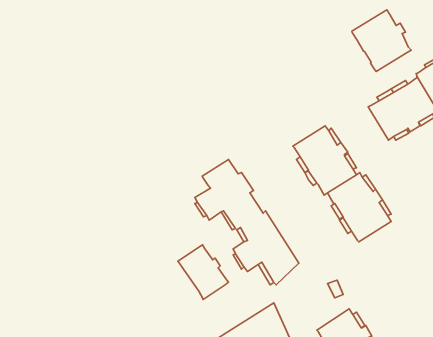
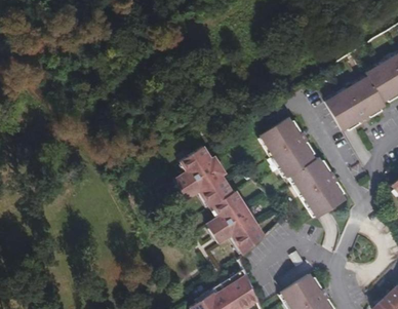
building: [352,10,411,71] -> none
building: [178,245,228,300] -> none

